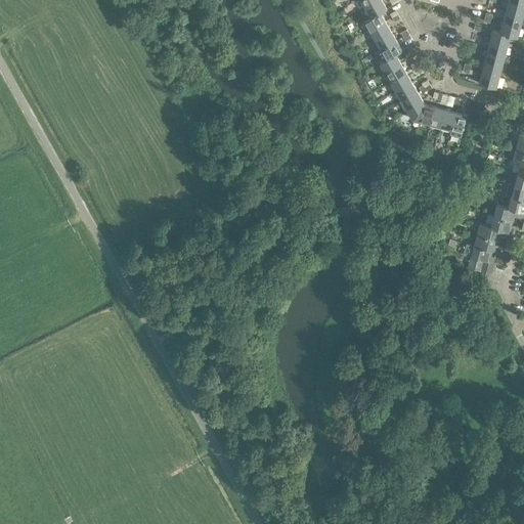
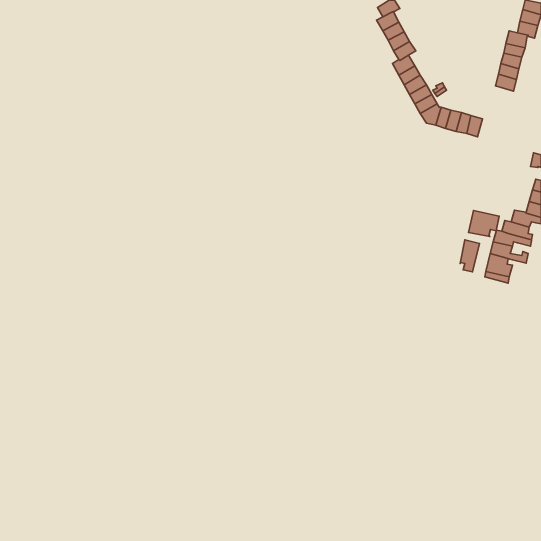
building: none -> [468,210,499,236]
building: none -> [460,240,479,272]

